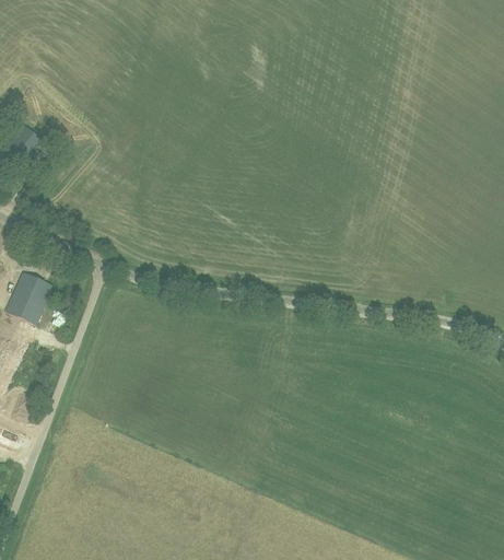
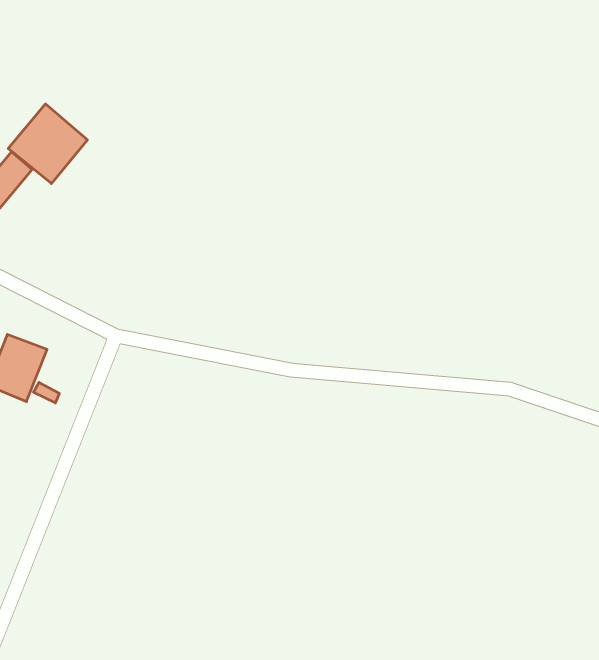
building: none -> [8,104,87,184]

